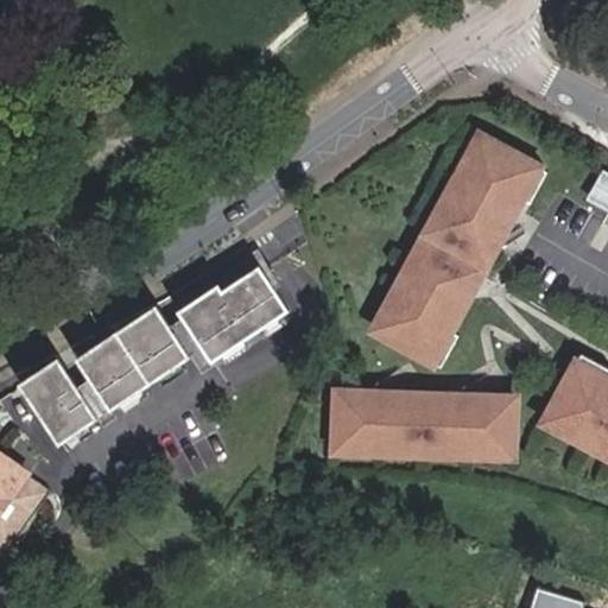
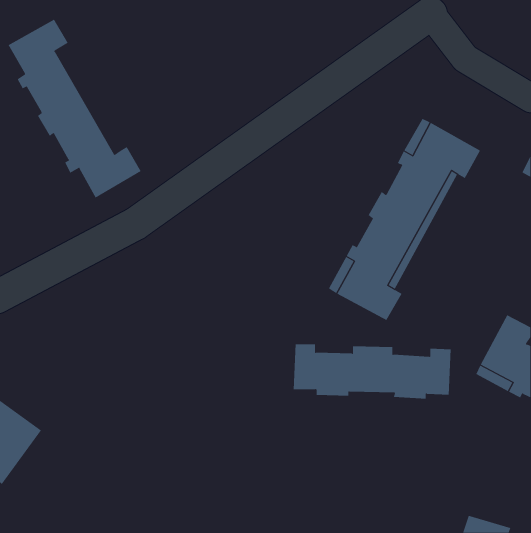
building: none -> [8,19,142,198]
building: [15,264,286,449] -> none

